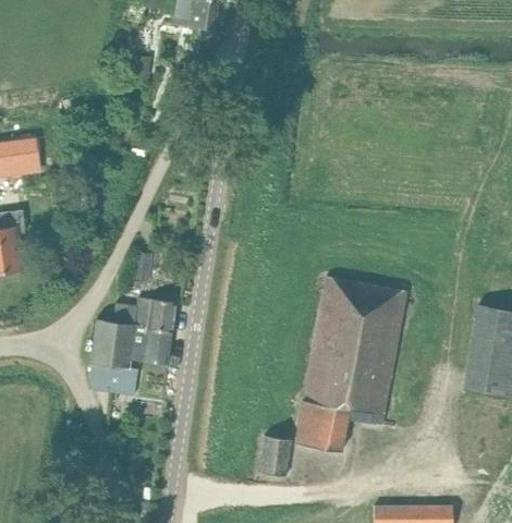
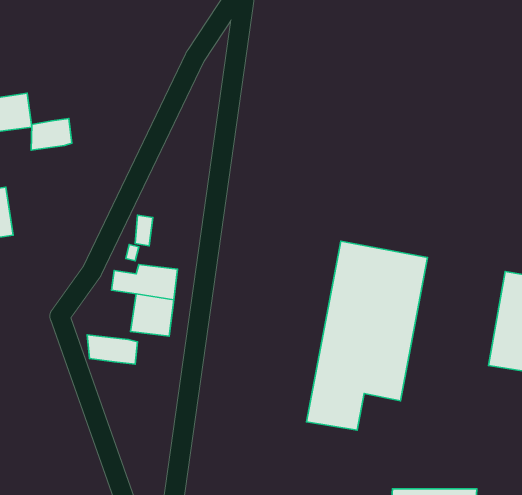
building: none -> [31,119,72,150]
building: [92,319,137,367] -> none
building: [260,436,292,476] -> none

